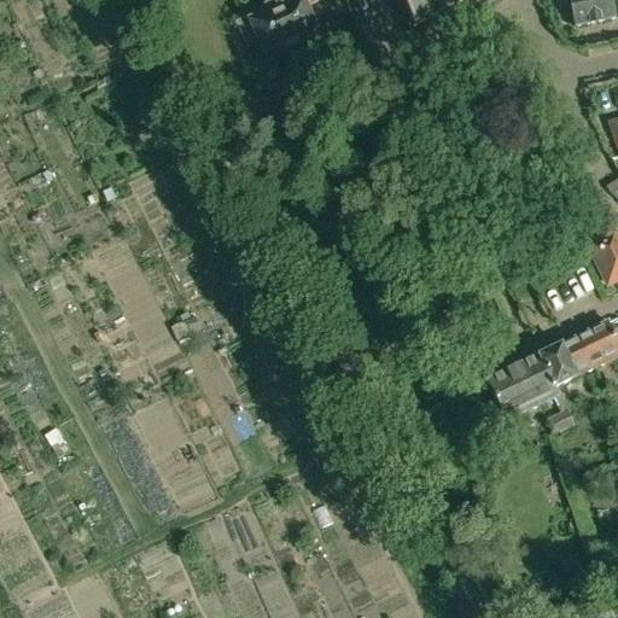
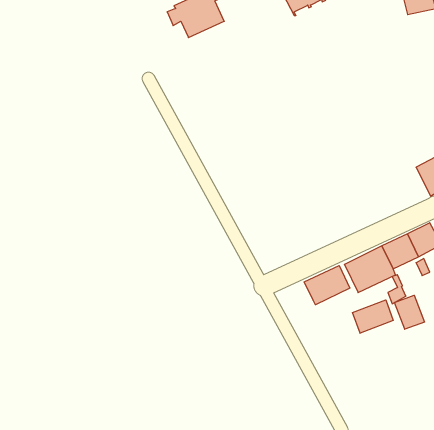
building: none -> [304,266,350,305]
building: none -> [395,295,425,329]
building: none -> [353,300,393,333]

